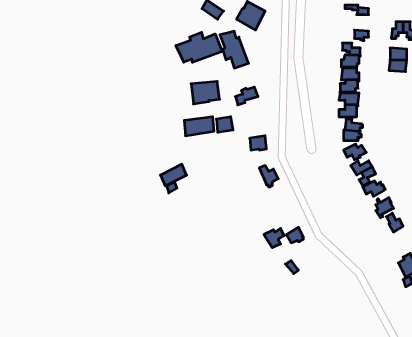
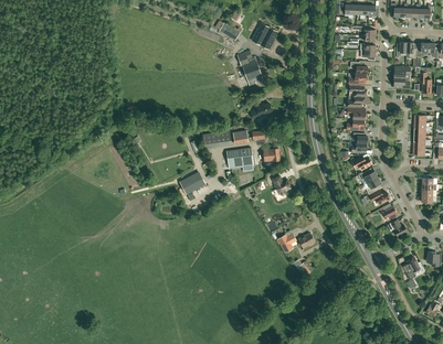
building: [176,32,222,62] -> none
building: [191,81,220,104] -> [226,148,253,169]

